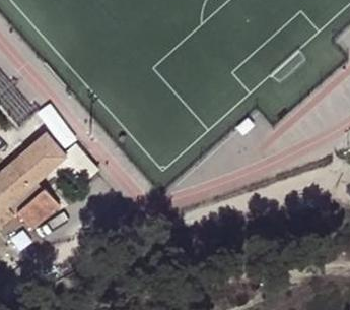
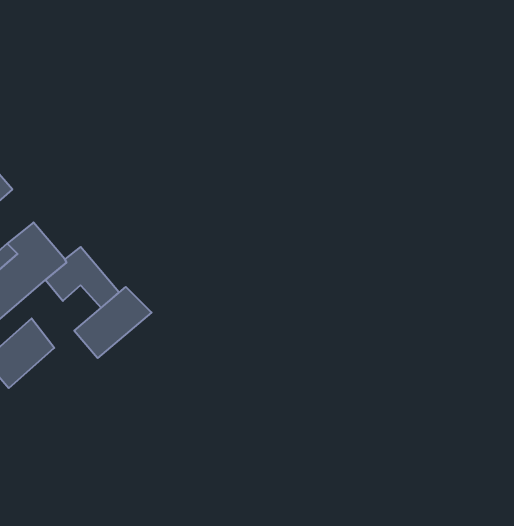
building: none -> [74,287,152,358]

